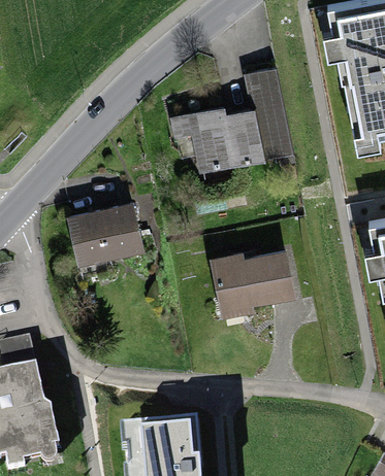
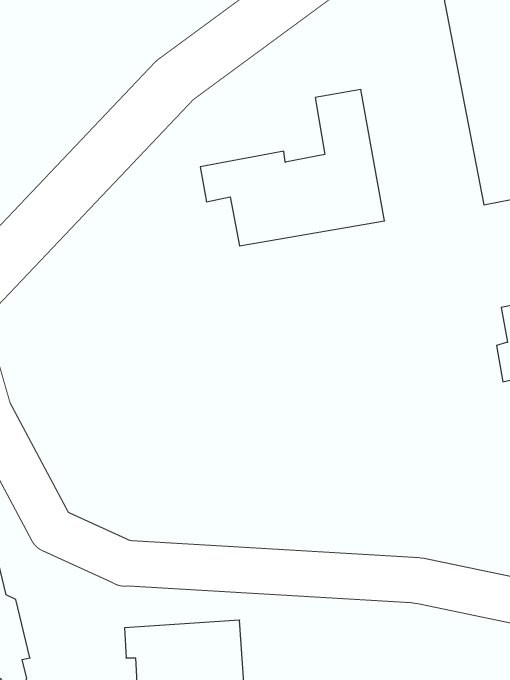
building: [70,207,141,266] -> none
building: [216,253,291,311] -> none

